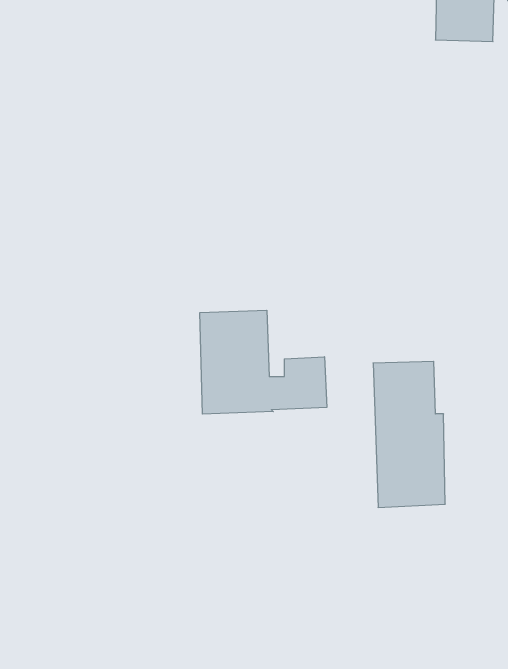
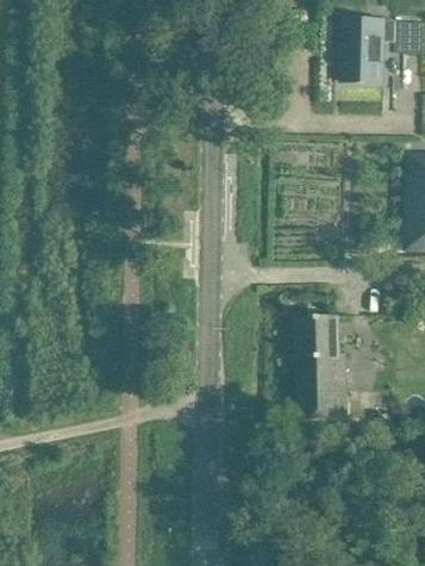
building: [200,310,327,414] -> none

